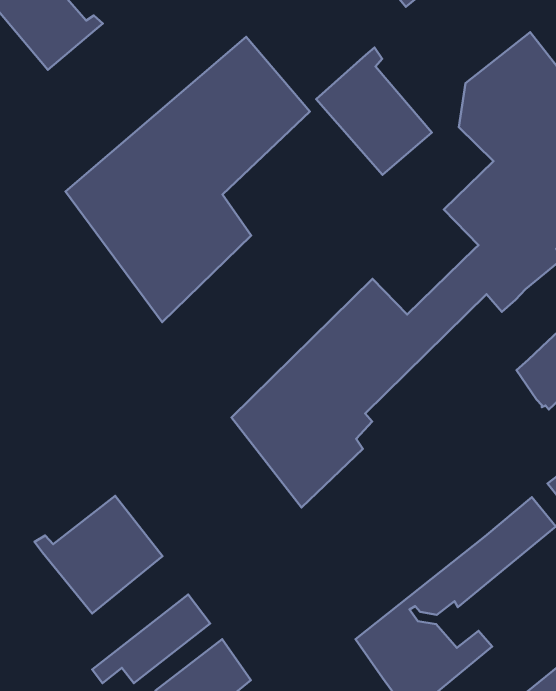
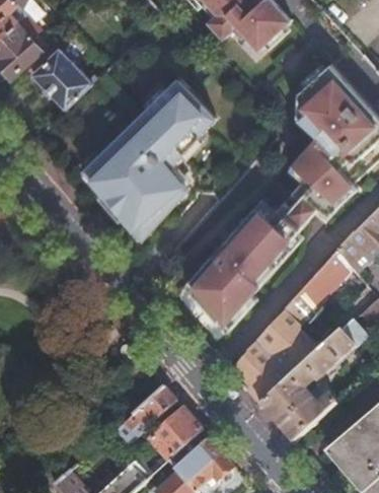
building: [316,48,432,175] -> none
building: none -> [228,251,351,404]
building: [34,496,162,613] -> none

